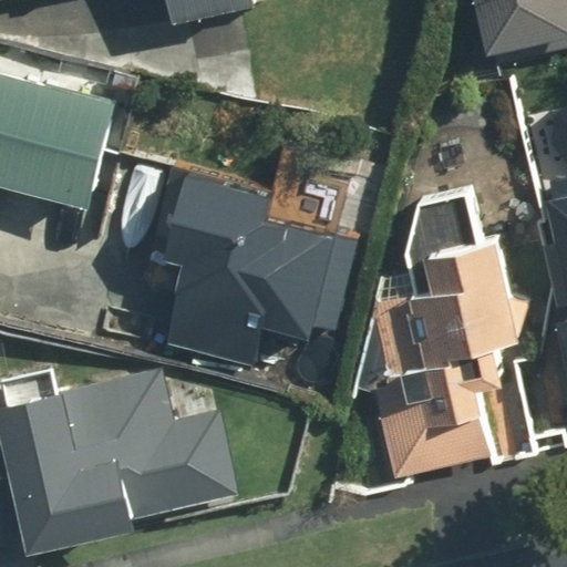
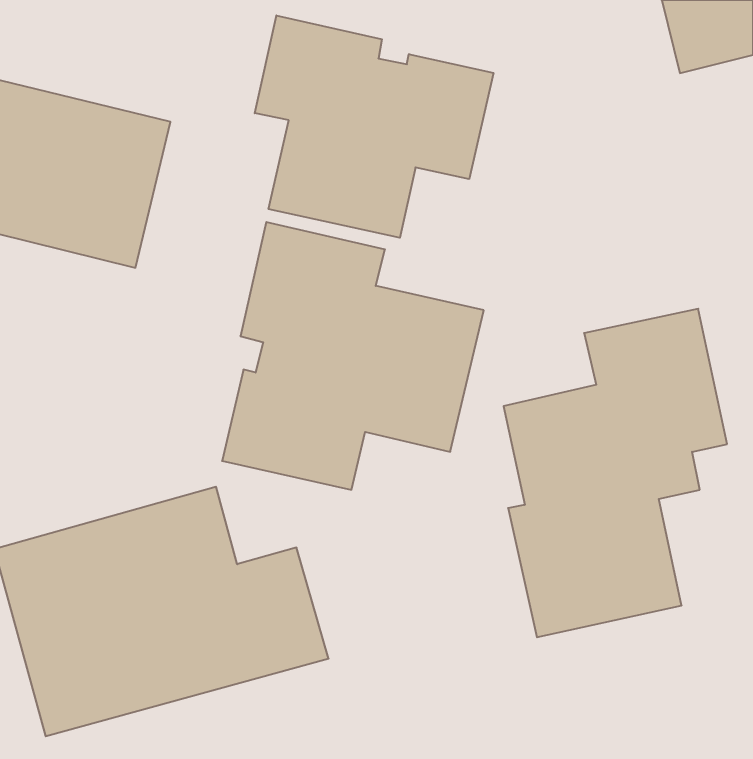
building: none -> [255,15,493,238]

